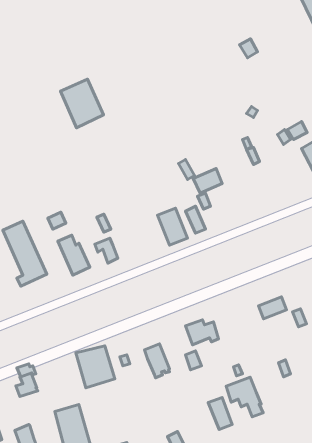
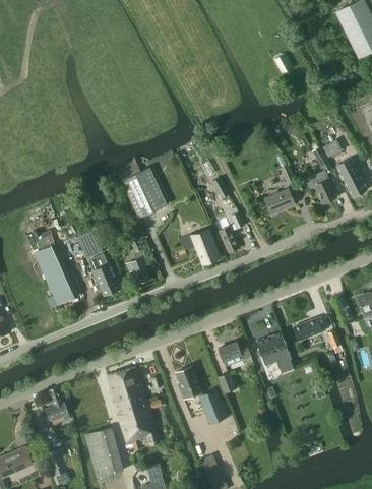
building: [61,79,104,128] -> [122,168,166,218]
building: none -> [305,175,335,203]
building: [193,168,222,193] -> [264,189,294,215]
building: [226,377,263,417] -> [256,332,294,373]
building: none -> [117,402,159,445]
building: [208,398,232,429] -> [200,390,225,423]

